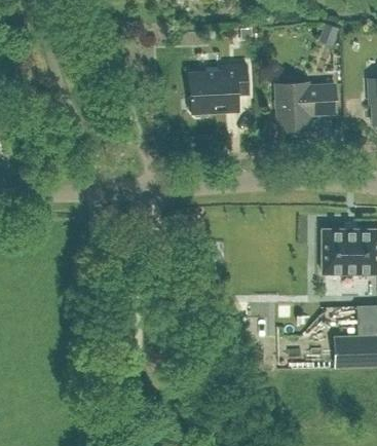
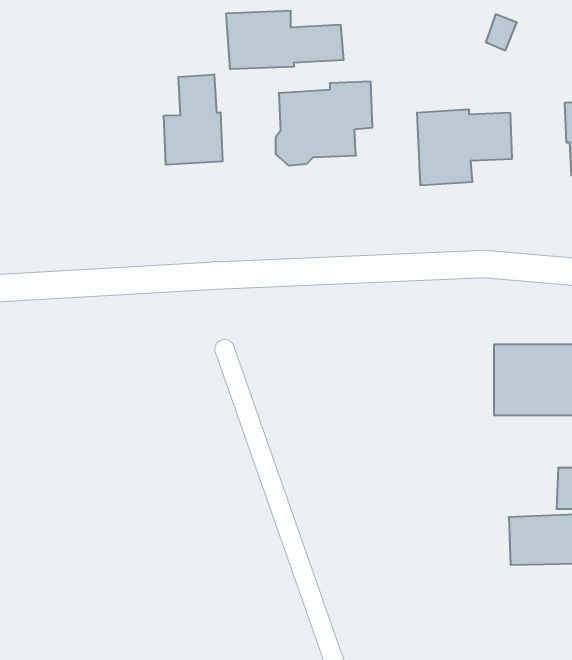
building: none -> [226,11,343,69]
building: none -> [164,74,222,165]

